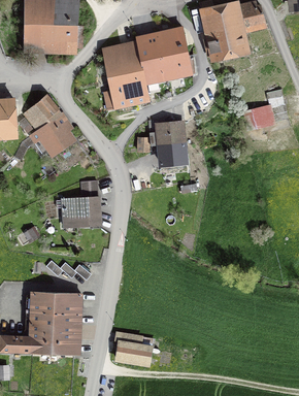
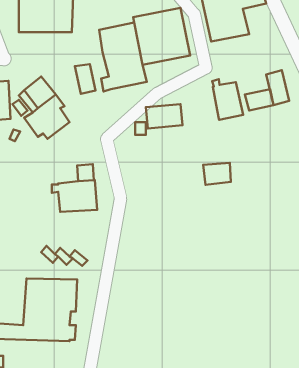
building: none -> [75,64,95,94]
building: none -> [212,79,243,120]
building: [159,142,186,164] -> [203,163,231,185]
building: [115,333,154,364] -> none

